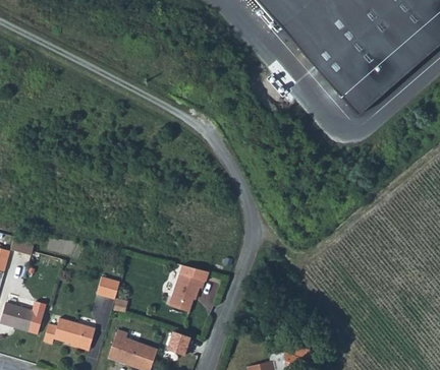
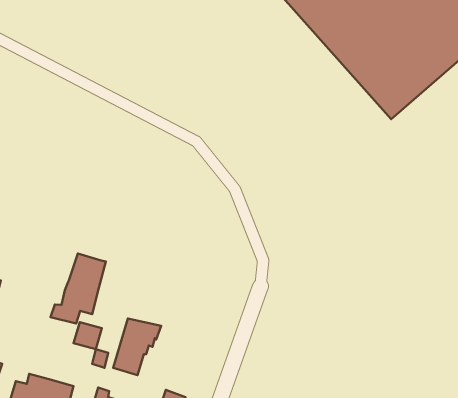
building: none -> [51,254,106,324]
building: [167,263,207,310] -> [113,318,161,375]

